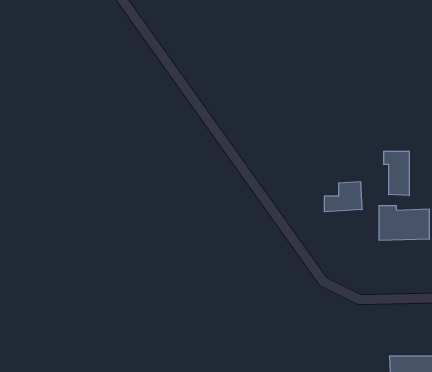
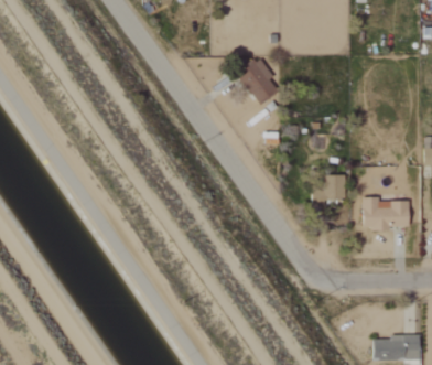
building: none -> [237,58,278,101]
building: [384,151,409,196] -> none

